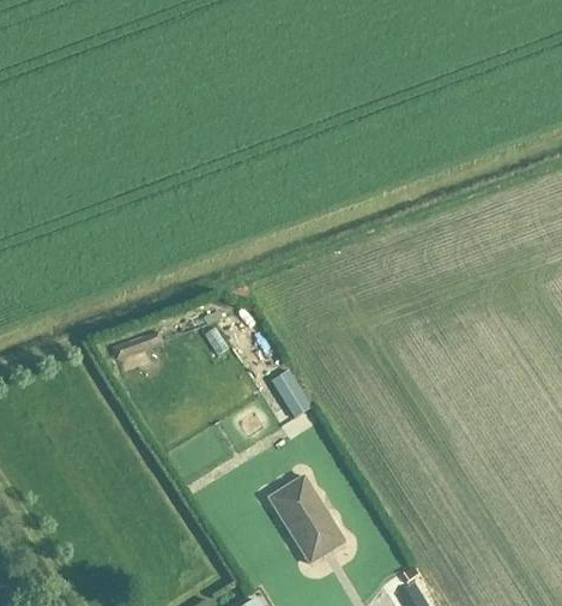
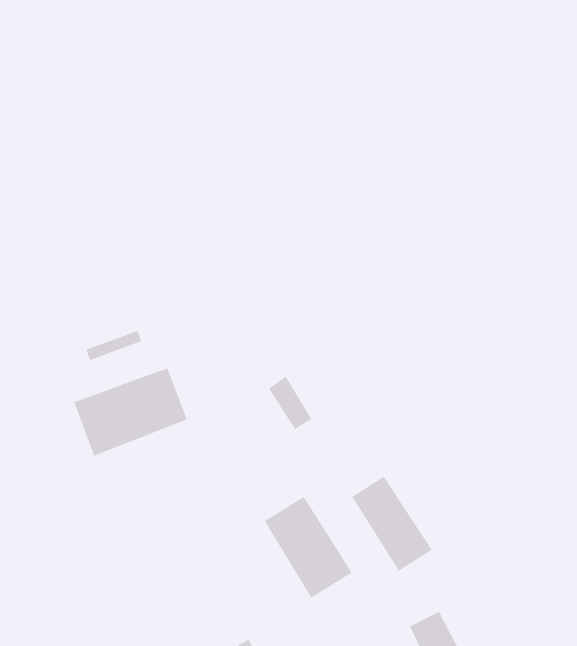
building: none -> [74,367,187,457]
building: none -> [352,476,433,572]

